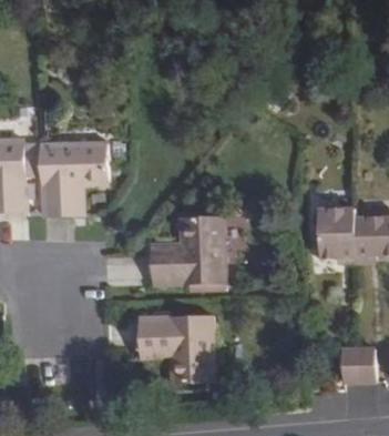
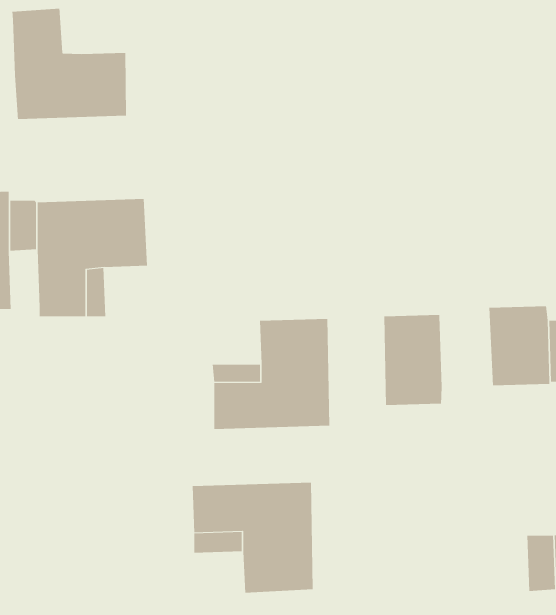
building: none -> [12,8,127,120]
building: none -> [384,314,442,406]

